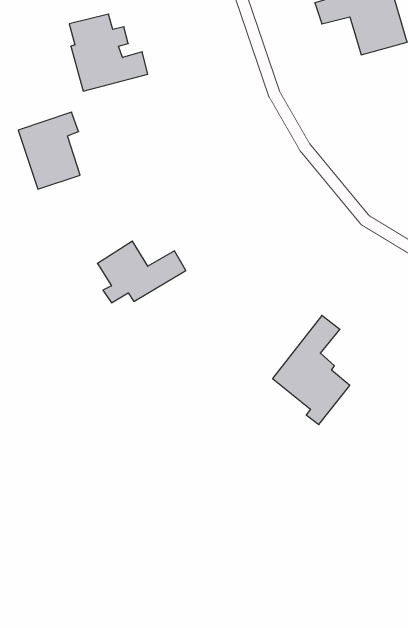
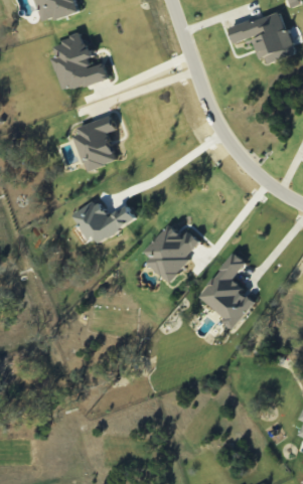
building: [18,112,80,189] -> [73,116,118,171]
building: none -> [142,223,203,280]

